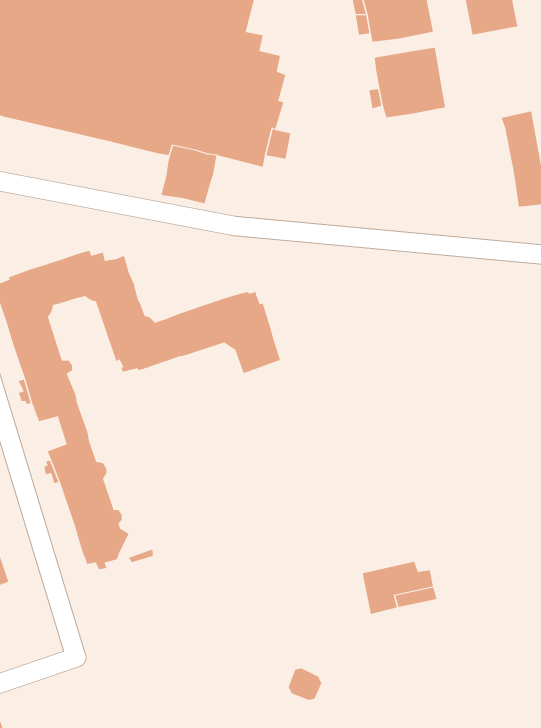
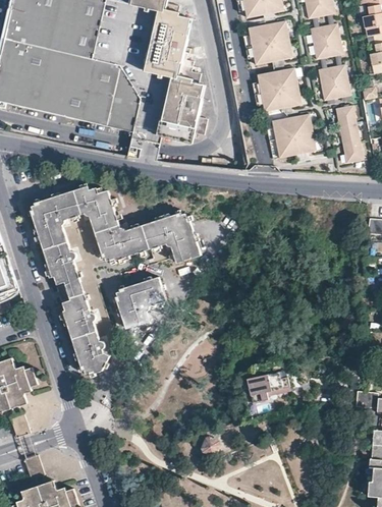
building: none -> [315,65,347,99]
building: none -> [270,113,313,156]
building: none -> [115,276,166,328]

